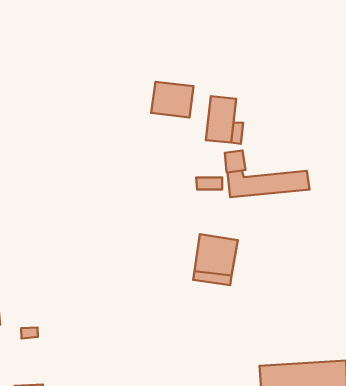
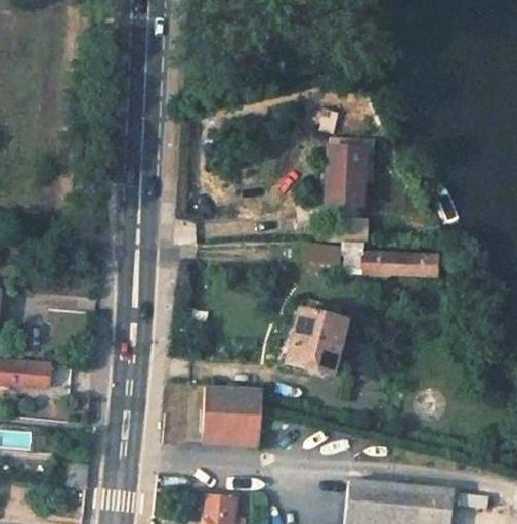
building: [151,82,193,117] -> none
building: none -> [202,384,262,444]

